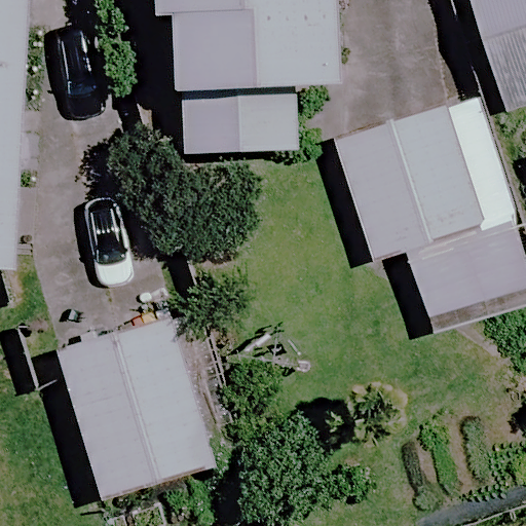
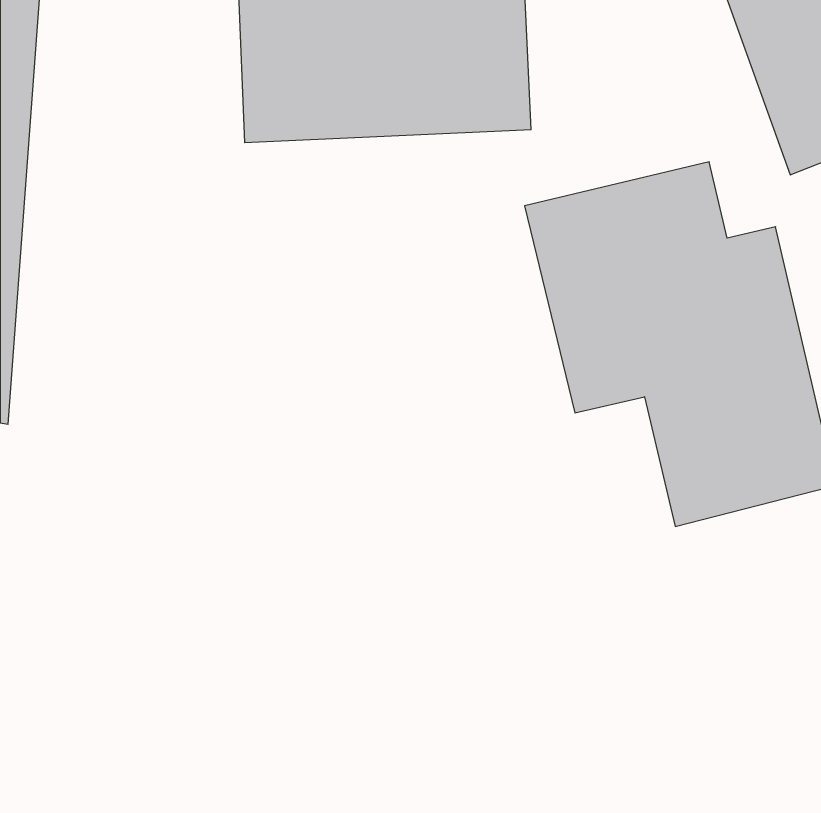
building: [58,314,223,499] -> none

